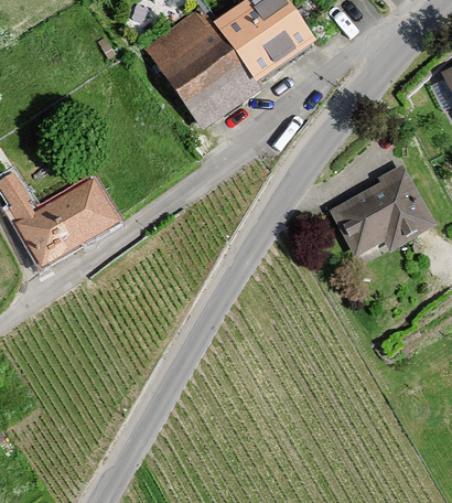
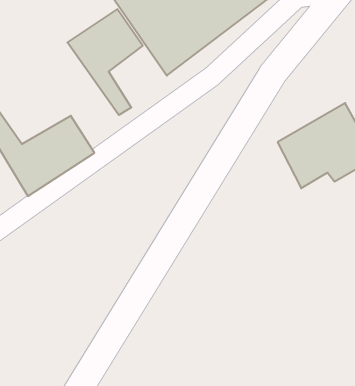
building: none -> [67,9,143,115]

